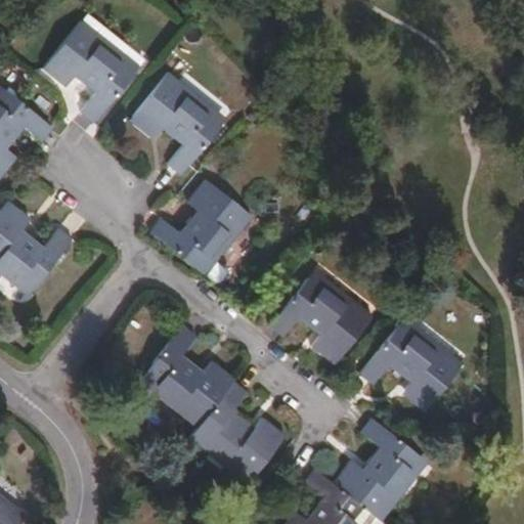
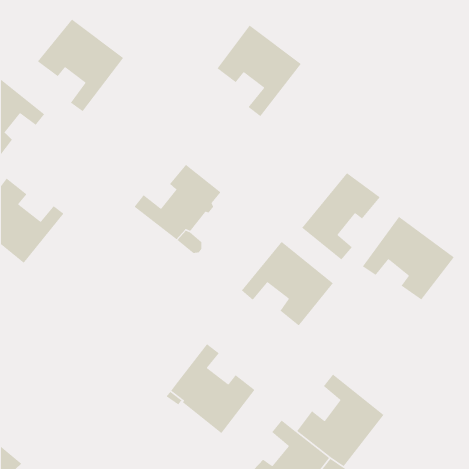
building: [131,73,226,176] -> [216,24,302,117]
building: none -> [301,172,381,261]
building: [359,316,463,410] -> [362,216,455,301]
building: [138,323,233,429] -> none

